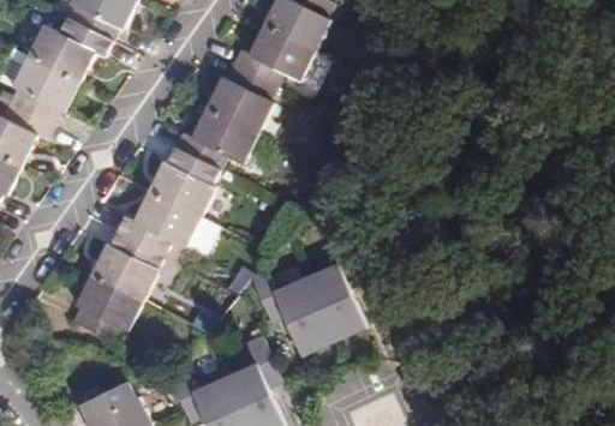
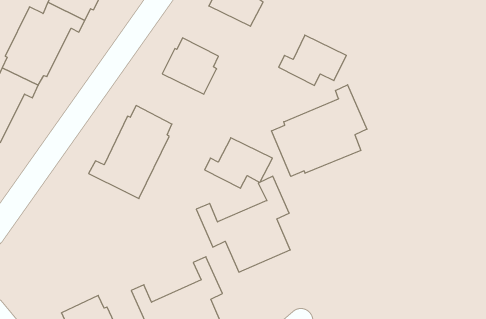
building: [231,25,315,88] -> [279,35,346,85]
building: [173,109,257,172] -> [205,138,272,188]
building: none -> [272,85,367,176]
building: [71,233,160,344] -> none

